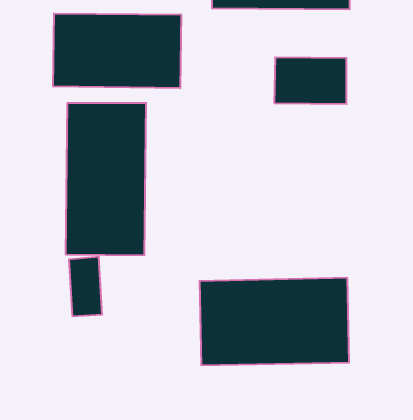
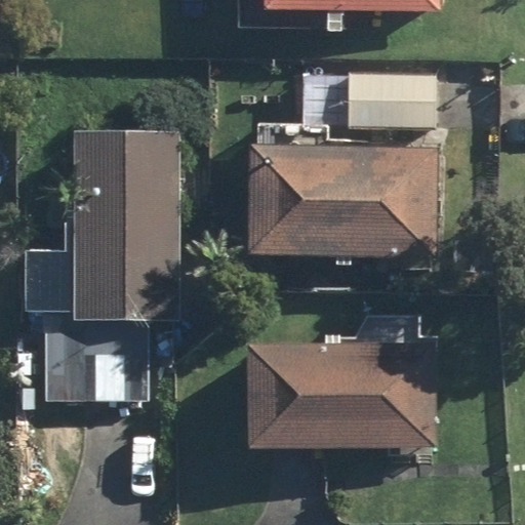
building: [53,13,181,88] -> none
building: none -> [246,147,431,257]

